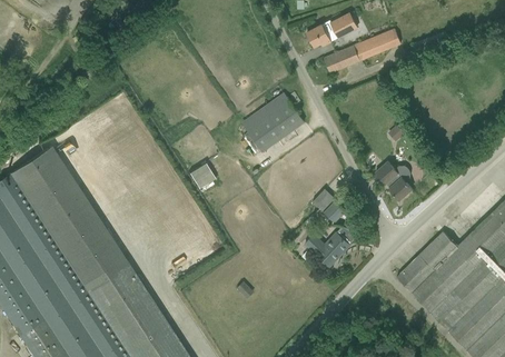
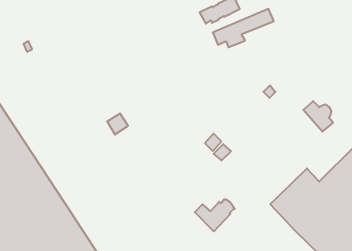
building: [242,95,304,153] -> none
building: [375,161,413,200] -> [303,101,333,132]
building: [305,226,356,267] -> [195,199,235,231]

